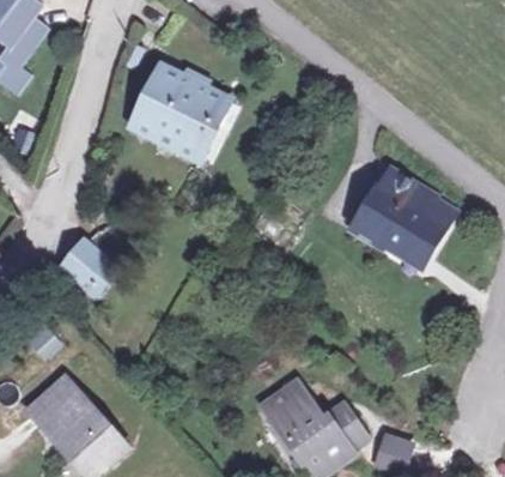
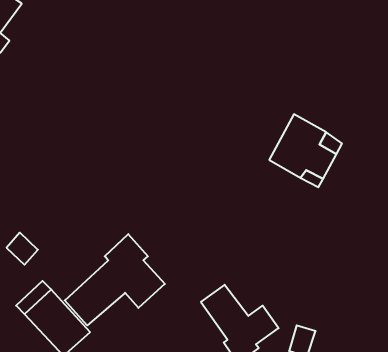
building: [136,68,226,155] -> none
building: [62,247,109,296] -> none
building: none -> [65,234,165,325]

